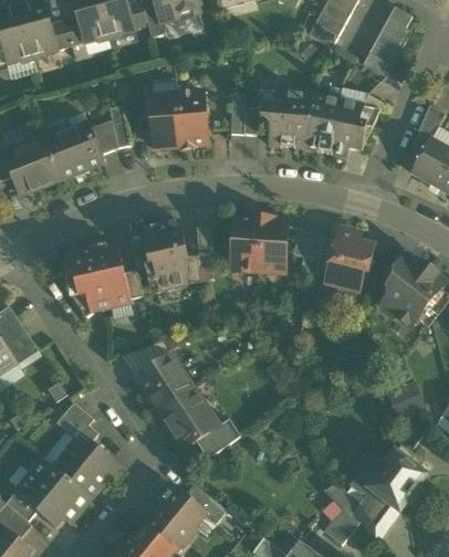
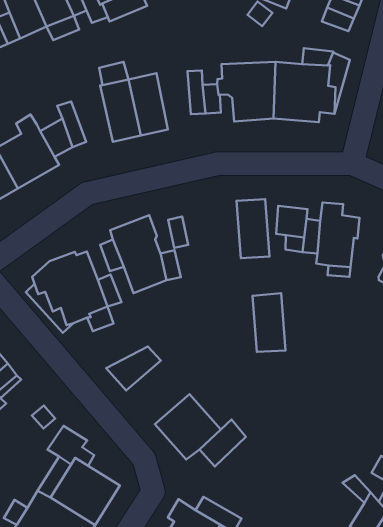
building: [231,217,261,271] -> [253,293,285,352]
building: [136,355,194,412] -> none

